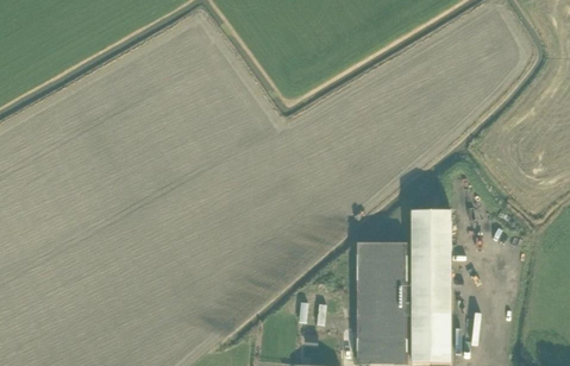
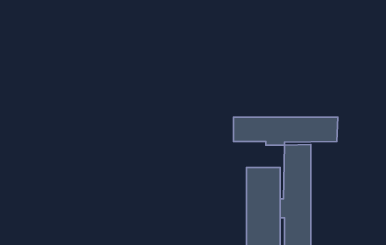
building: none -> [234,117,338,145]

